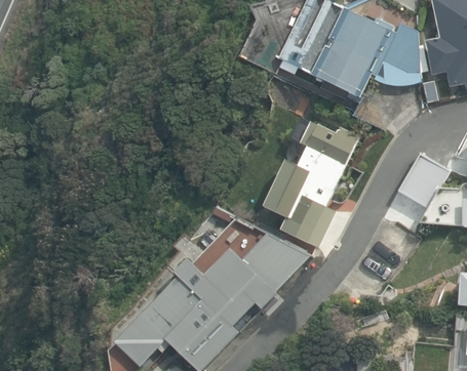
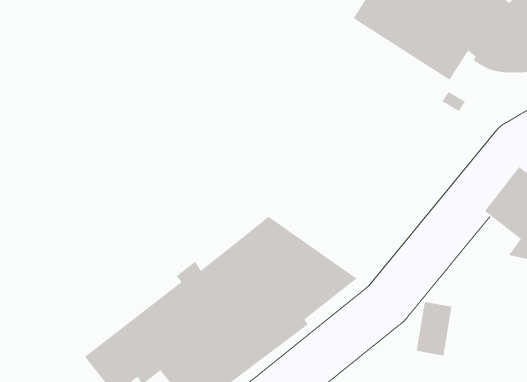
building: [264,121,357,246] -> none

